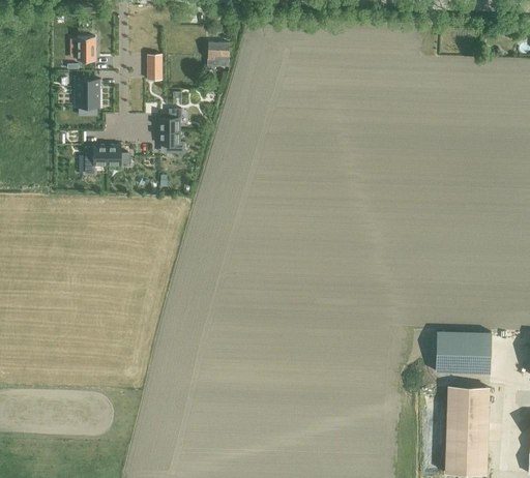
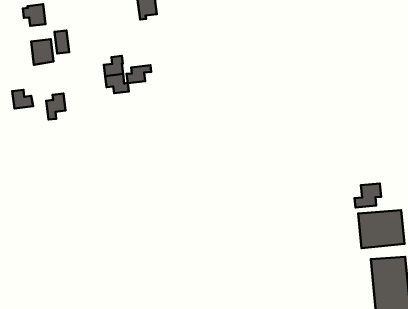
building: [147,55,161,81] -> [54,31,69,53]
building: none -> [127,65,151,83]
building: [107,146,129,167] -> [12,90,33,108]
building: none -> [355,183,381,207]

